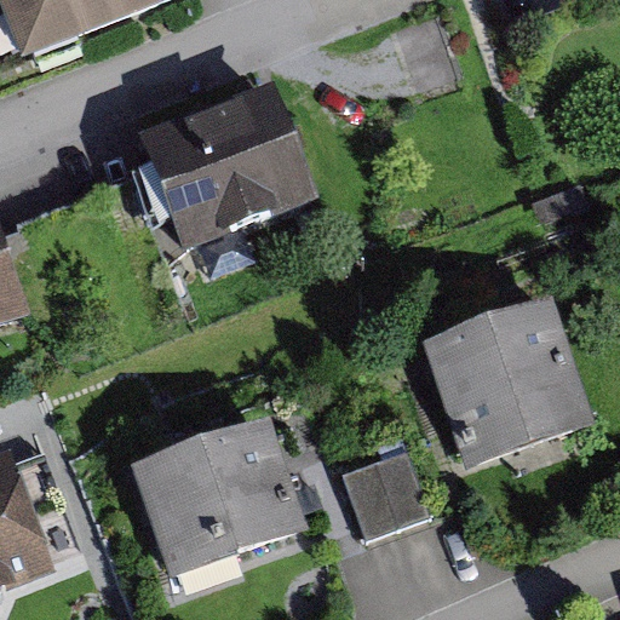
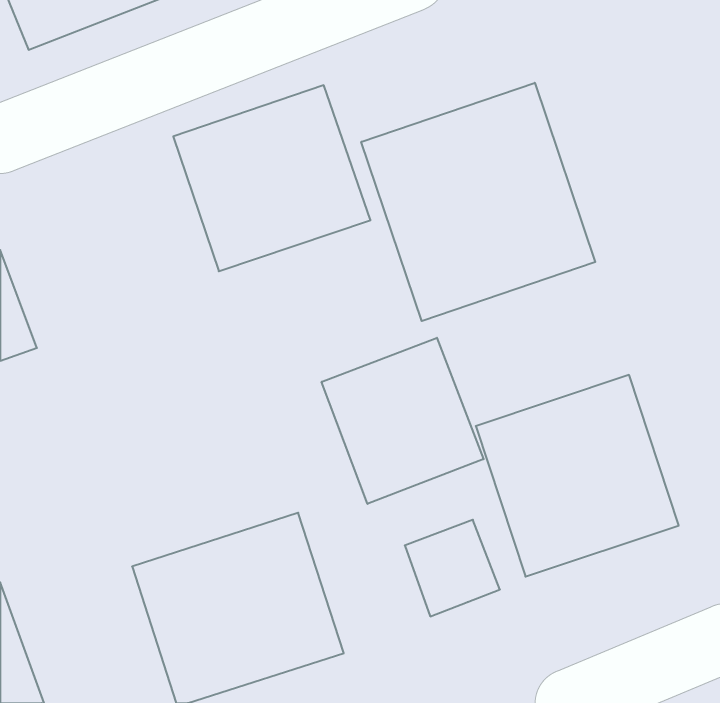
building: none -> [361,83,595,321]
building: none -> [322,338,484,504]

